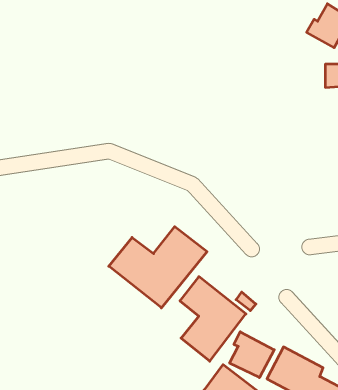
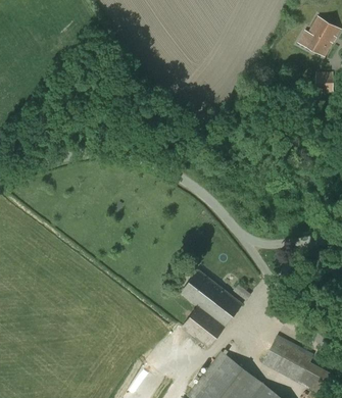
building: [109,227,207,308] -> none
building: [230,332,274,378] -> none

